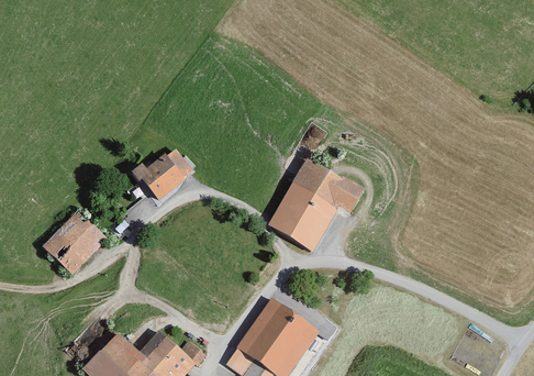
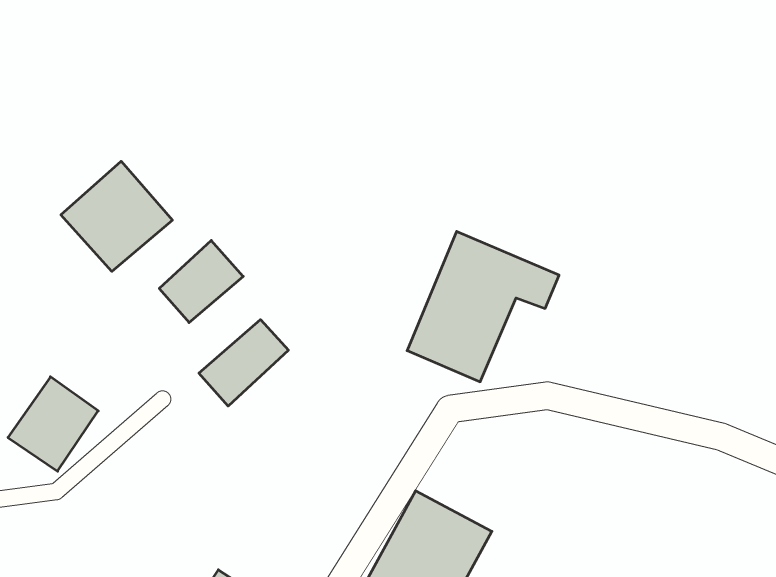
building: none -> [61,161,172,271]
building: none -> [199,320,288,406]

